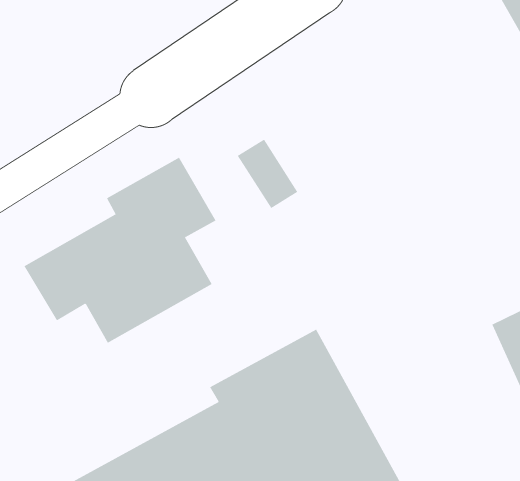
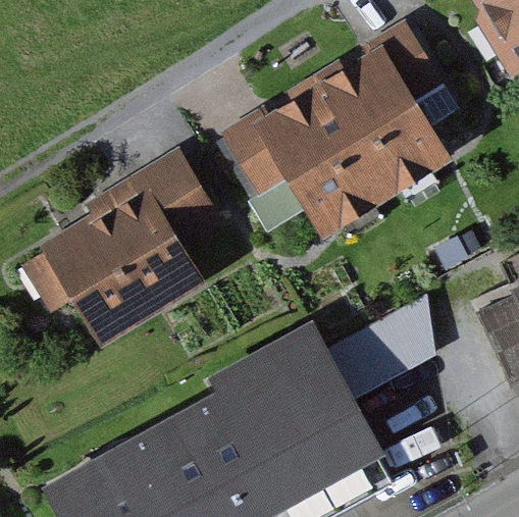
building: none -> [264,51,452,228]
building: none -> [323,293,431,400]

